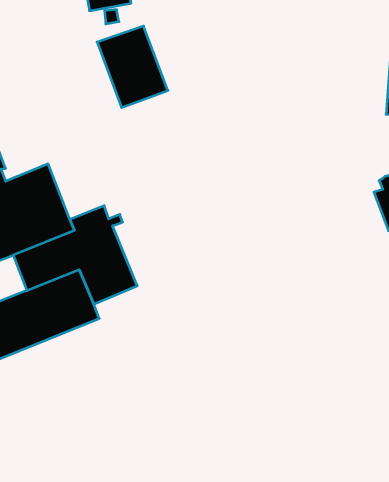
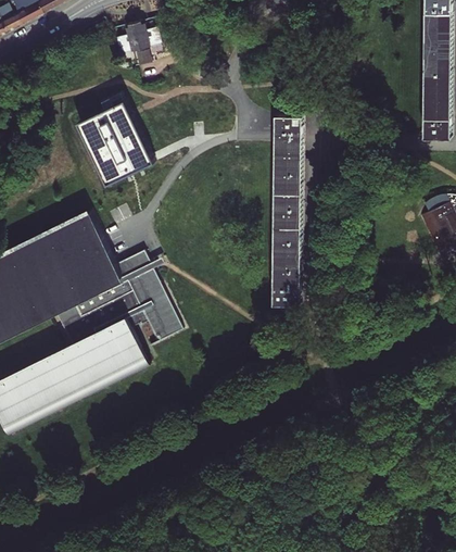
building: [97,26,168,107] -> [78,101,153,185]
building: none -> [273,115,301,304]

